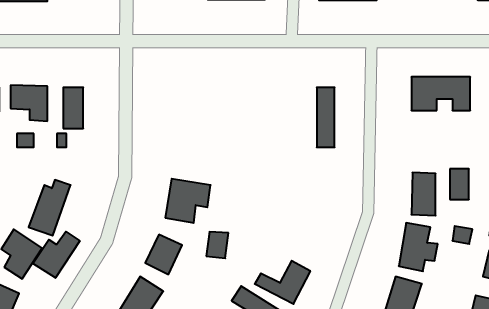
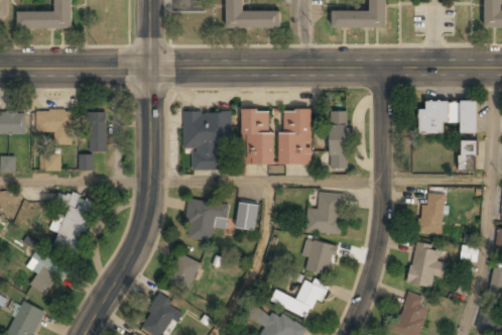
building: none -> [241,109,310,165]
building: none -> [182,111,231,170]
building: [450,169,469,199] -> [459,140,477,170]
building: none -> [305,192,344,234]
building: none -> [301,237,338,276]
building: [33,232,80,278] -> none
building: [206,232,228,258] -> [237,204,258,229]

